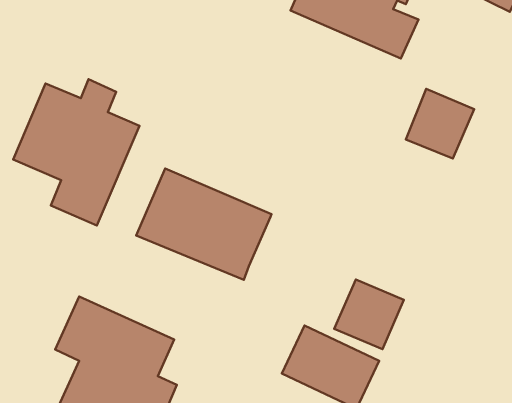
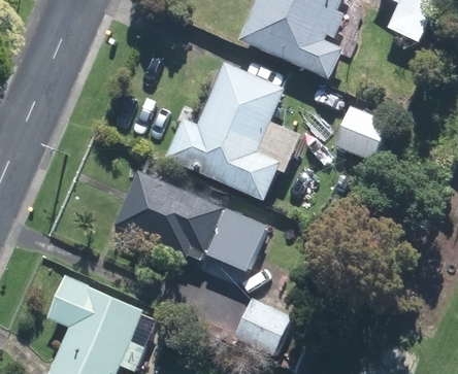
building: none -> [165,61,301,200]
building: [13,79,139,225] -> none
building: [334,280,404,349] -> [205,209,262,266]

